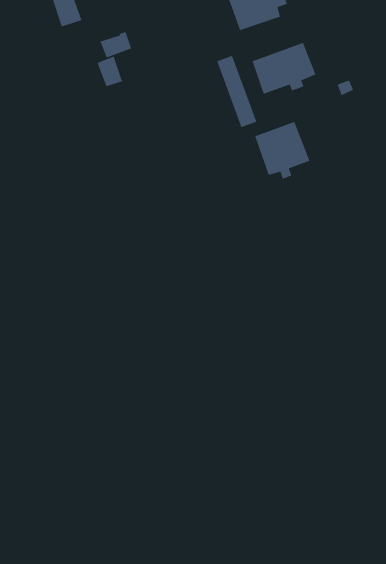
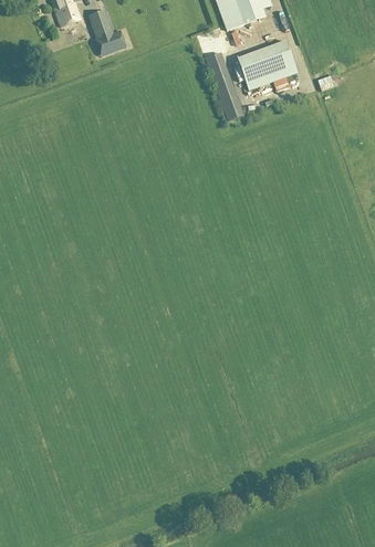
building: [97,55,124,87] -> [87,9,113,39]
building: [254,121,310,180] -> none

